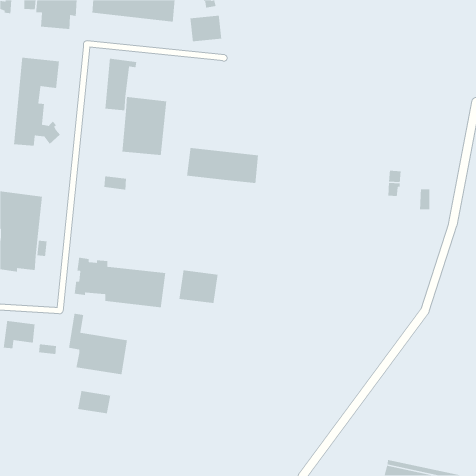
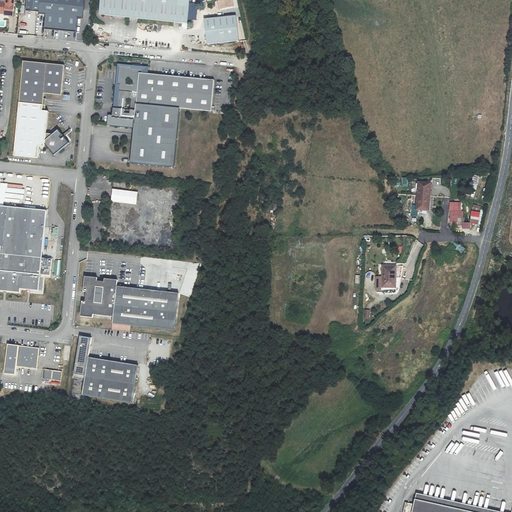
building: [186,147,259,184] -> [135,72,213,111]
building: none -> [381,265,402,289]
building: [178,270,218,304] -> none
building: [77,390,111,414] -> none

